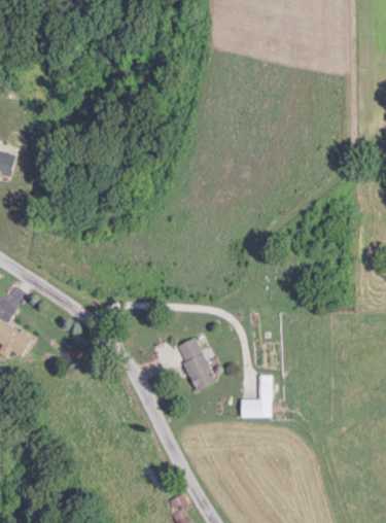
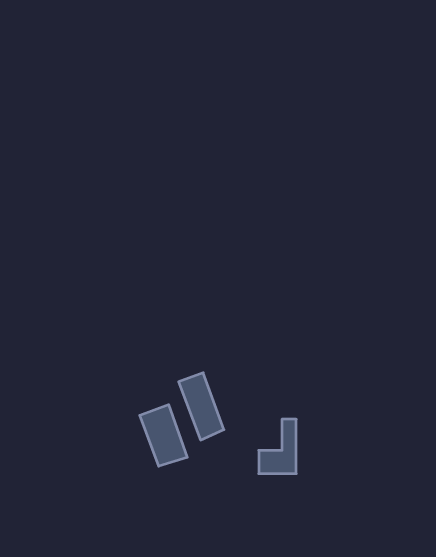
building: none -> [140,405,187,466]

